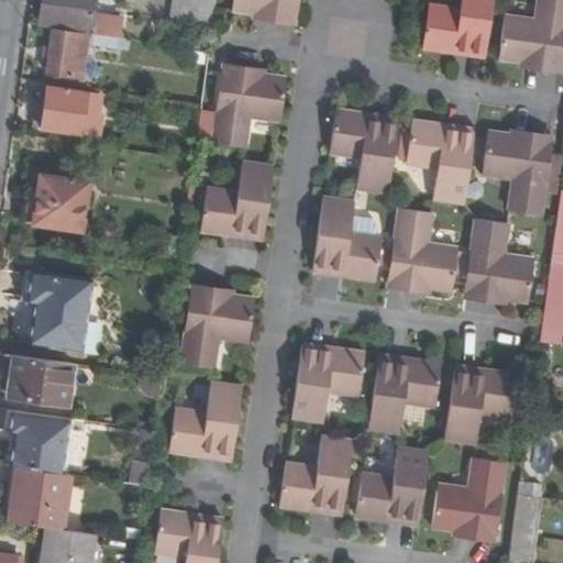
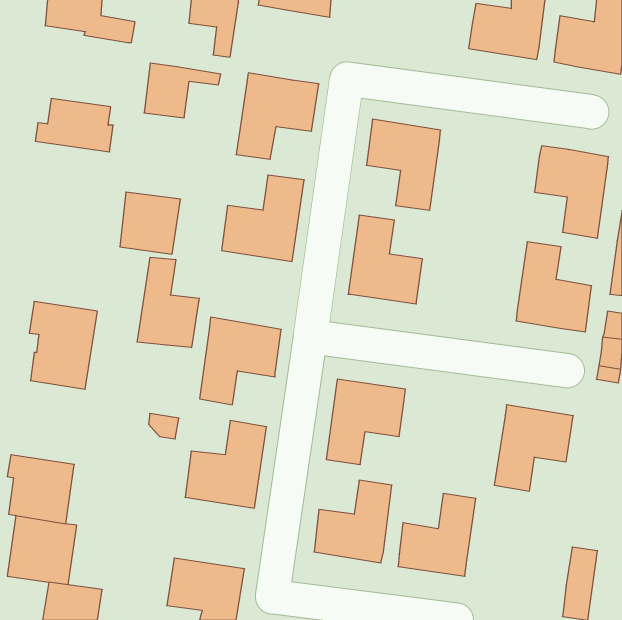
building: [46,29,115,78] -> [144,63,221,118]
building: [407,120,474,203] -> none
building: [33,176,88,232] -> [120,192,181,254]
building: [390,207,457,288] -> none
building: none -> [137,257,199,348]
building: [371,354,443,432] -> none
building: [5,356,71,405] -> none
building: [434,459,505,534] -> none

